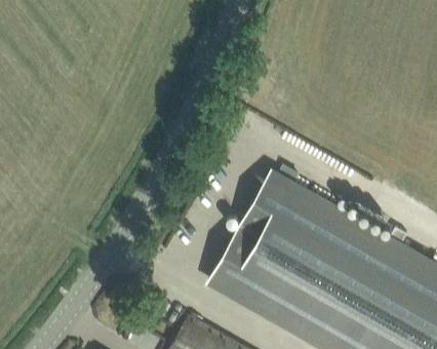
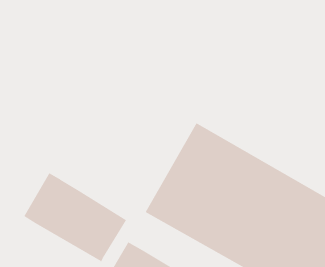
building: none -> [23,172,127,262]

